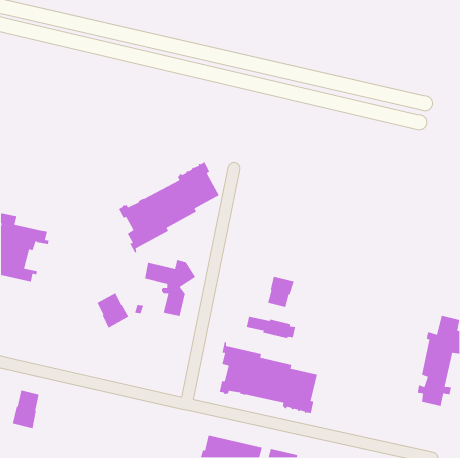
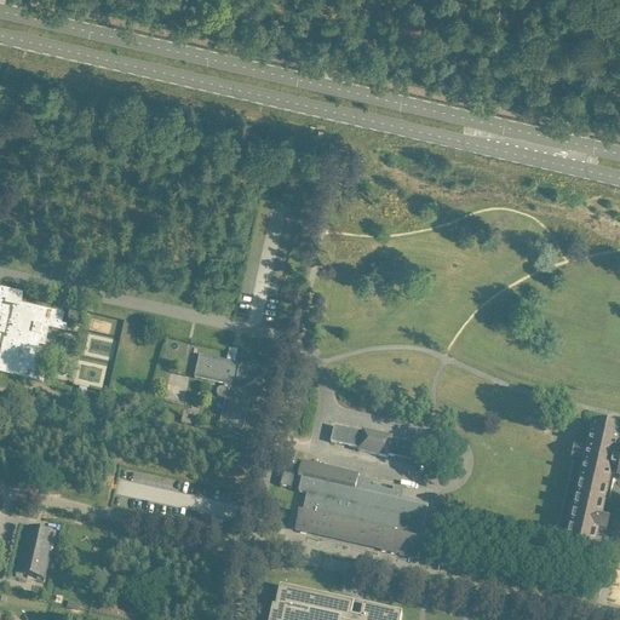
building: [118,161,220,254] -> none
building: [267,276,295,308] -> none
building: [96,292,130,329] -> none

